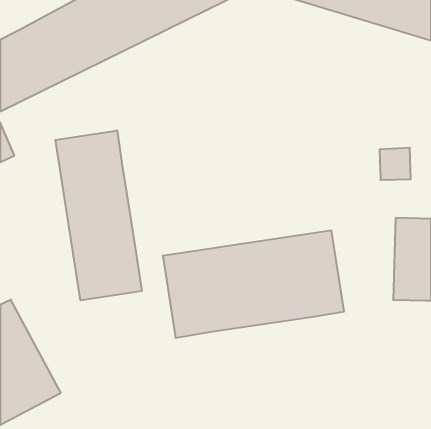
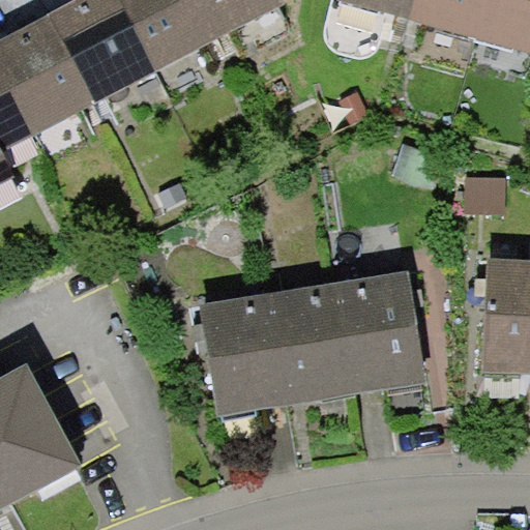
building: [55,130,142,300] -> none

